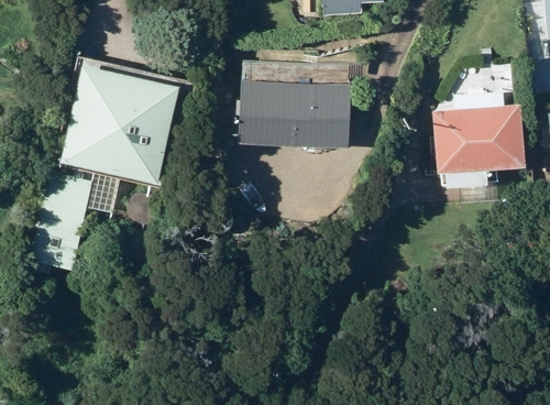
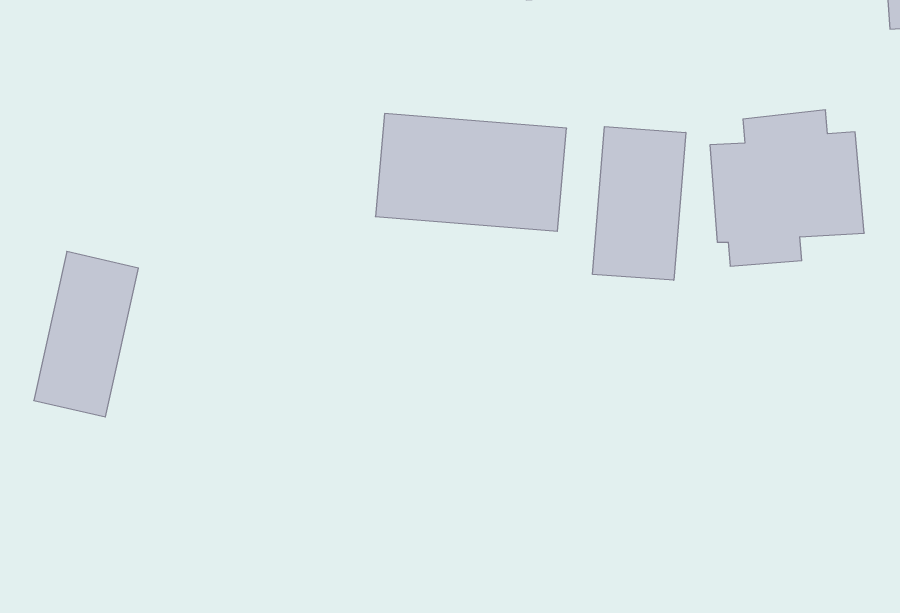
building: [59,53,182,175] -> none
building: none -> [593,127,686,280]

